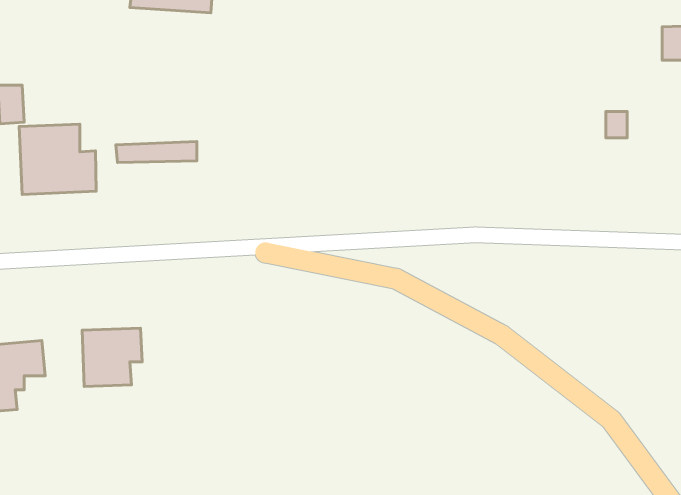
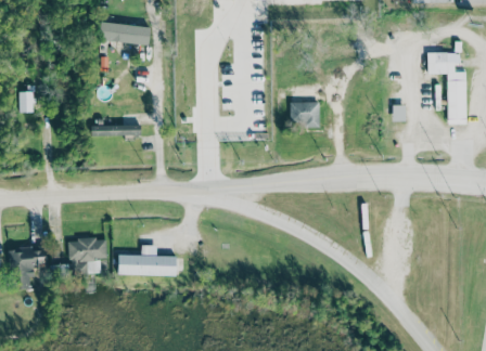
building: none -> [291,102,320,127]
building: [19,124,96,195] -> none
building: none -> [118,245,177,276]

